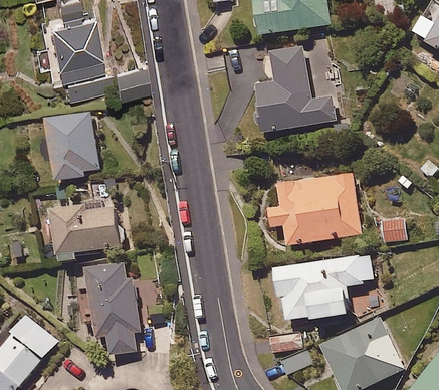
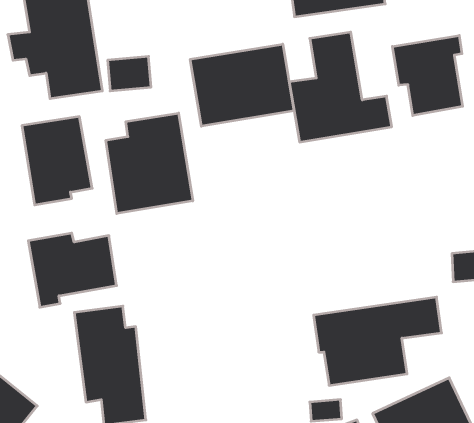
building: none -> [392,35,463,116]
building: none -> [190,44,294,126]
building: none -> [106,113,193,214]
building: [267,173,361,245] -> none

